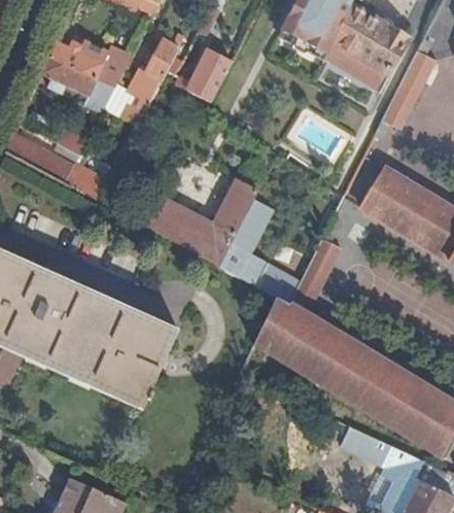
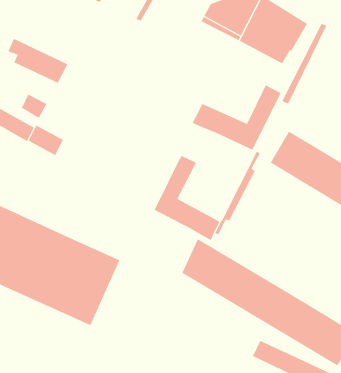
building: [48,26,133,88] -> none
building: [121,33,180,124] -> none
building: [188,48,232,101] -> none
building: none -> [192,85,281,151]
building: [145,180,257,266] -> none

